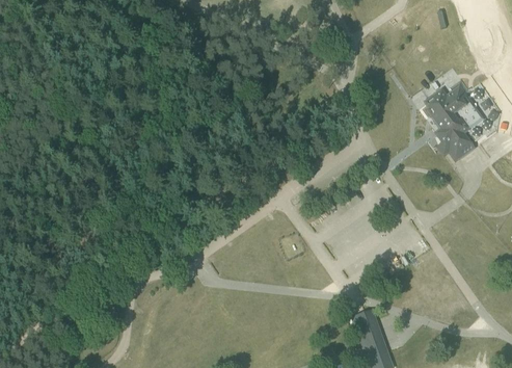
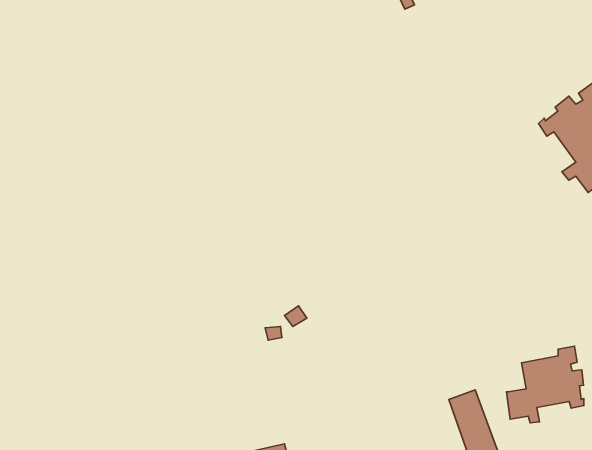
building: none -> [506,346,584,423]

